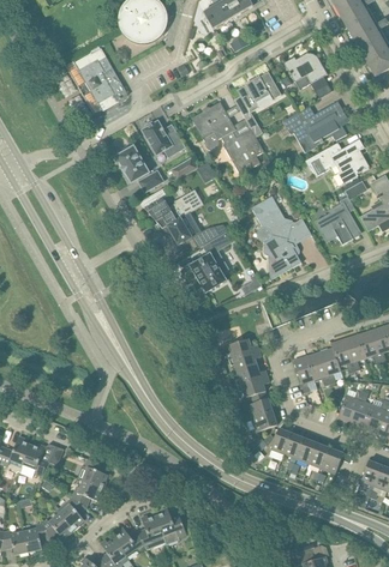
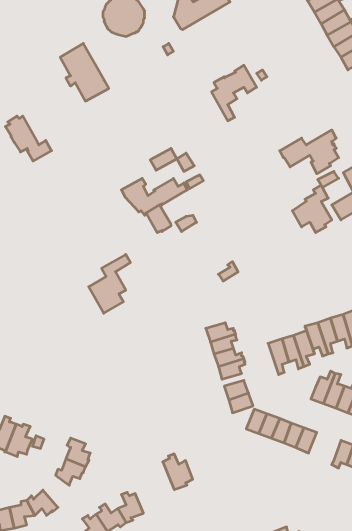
building: [282,52,327,91] -> none
building: [190,101,263,174] -> none
building: [281,101,346,147] -> none
building: [140,120,185,157] -> none
building: [114,145,162,192] -> [5,116,52,161]
building: [253,197,310,279] -> none
building: [188,231,232,292] -> [89,254,130,313]
building: [55,496,85,530] -> none
building: [154,507,185,544] -> [163,454,193,490]

